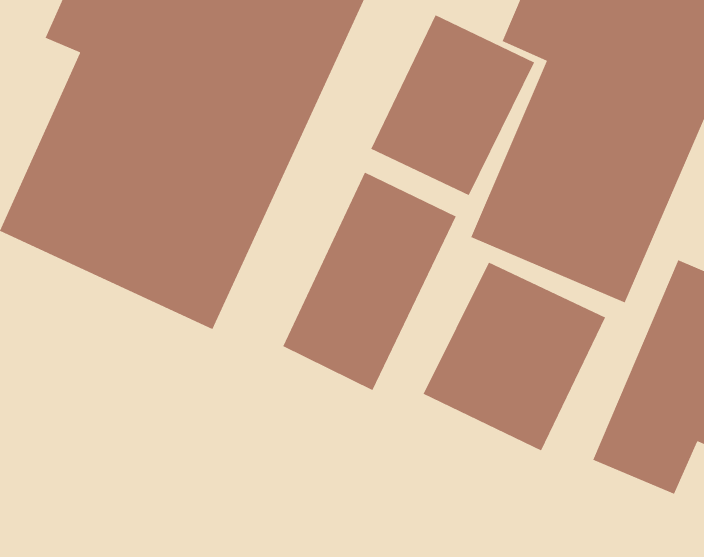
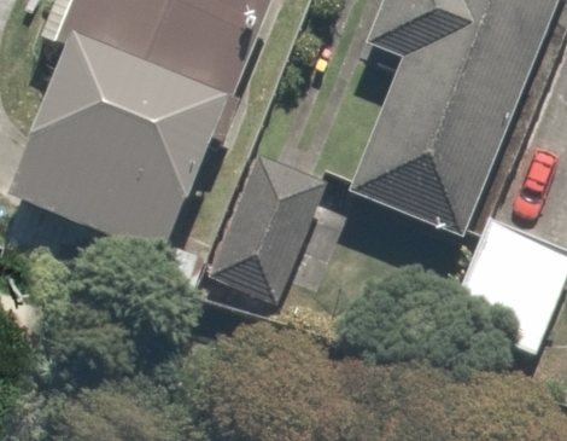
building: [370,14,535,196] -> none
building: [423,261,606,451] -> none

